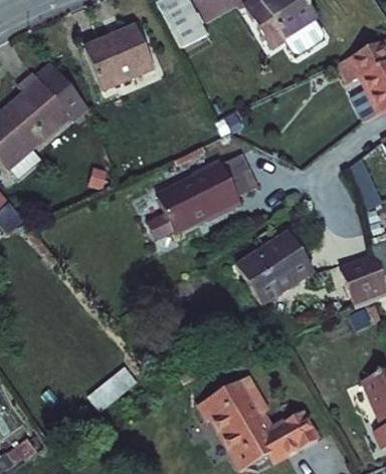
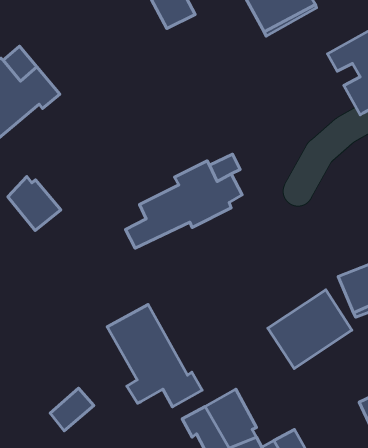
building: [92,31,160,91] -> none
building: none -> [8,177,61,231]
building: [240,232,318,304] -> [268,290,352,369]
building: none -> [107,304,202,407]

